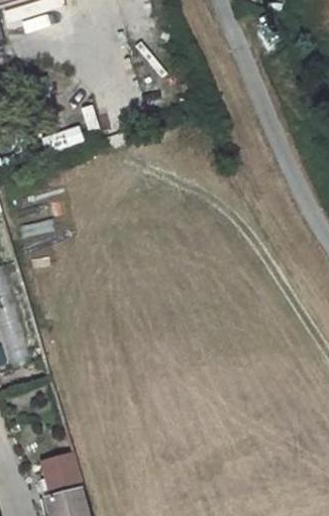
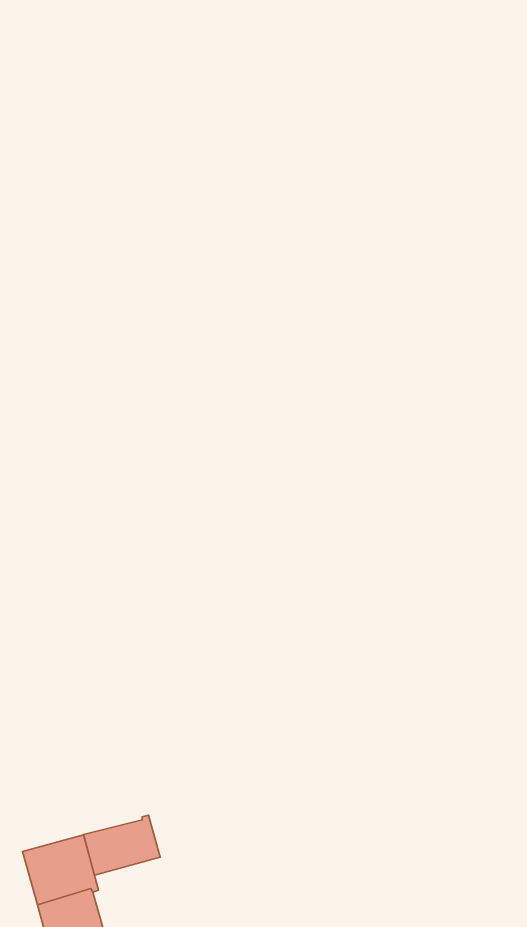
building: none -> [83,815,160,875]

